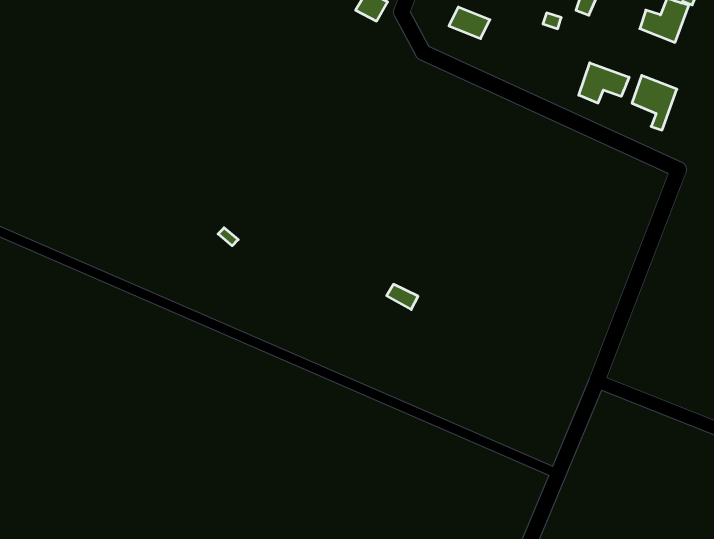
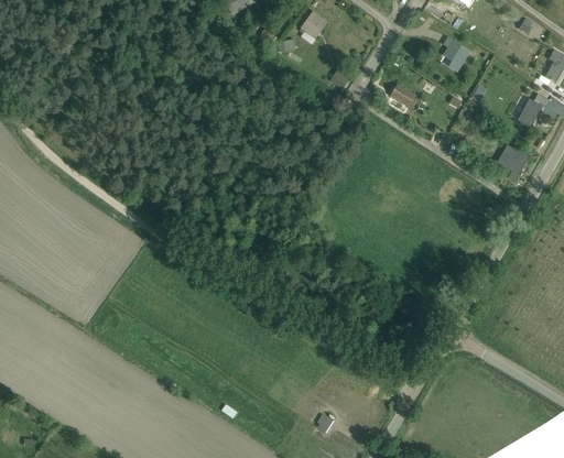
building: [579,63,629,103] -> none

